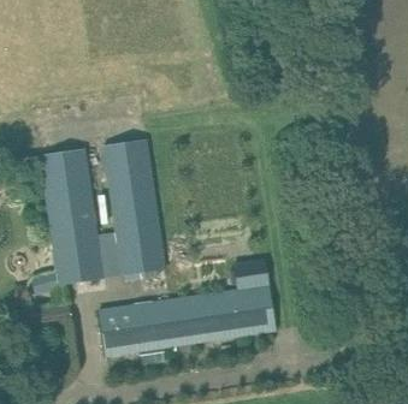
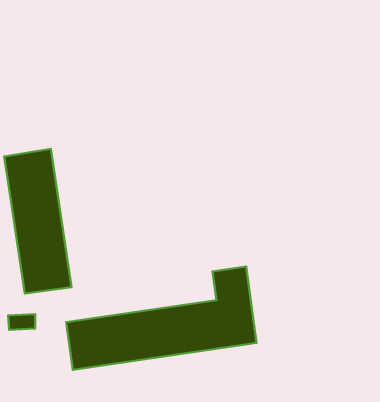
building: [102,141,165,274] -> none

